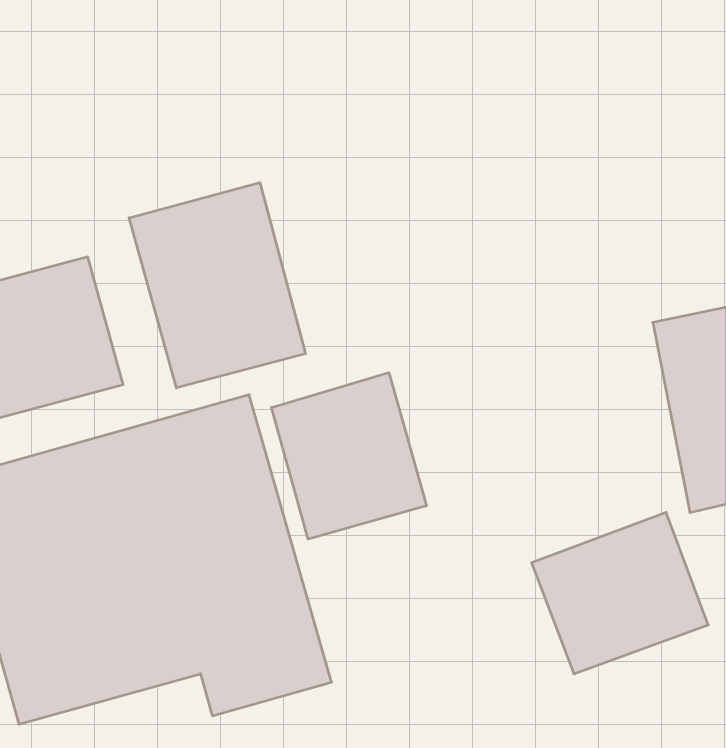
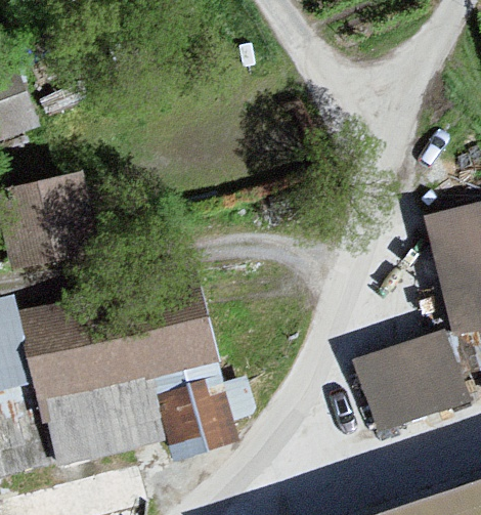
building: [129,183,306,388] -> none
building: [271,373,426,539] -> none

